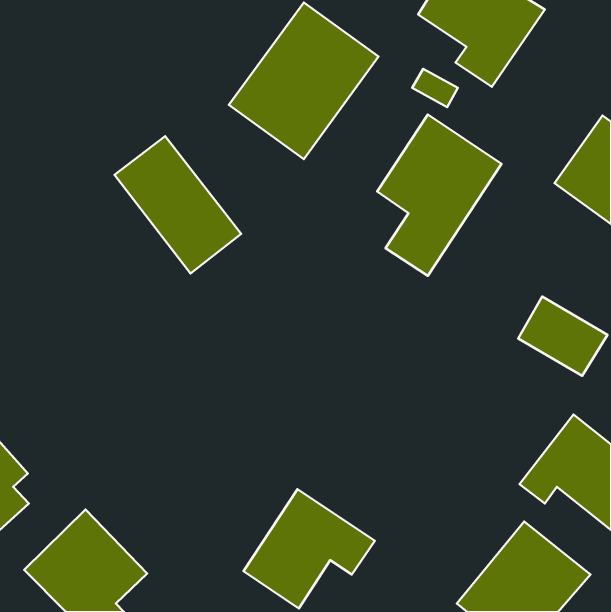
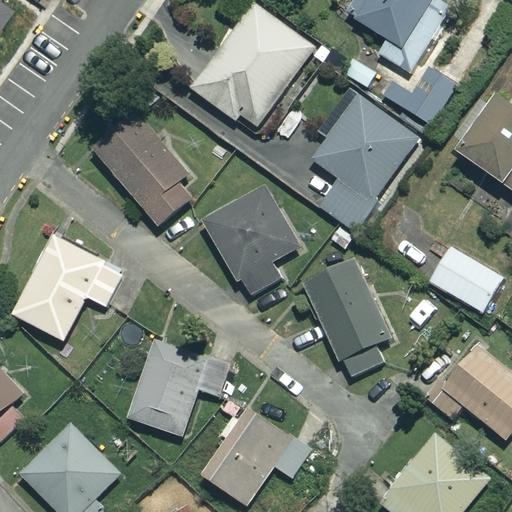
building: none -> [374,68,455,124]
building: none -> [204,188,298,297]
building: none -> [14,235,122,340]
building: none -> [303,260,391,378]
building: none -> [128,337,230,436]

